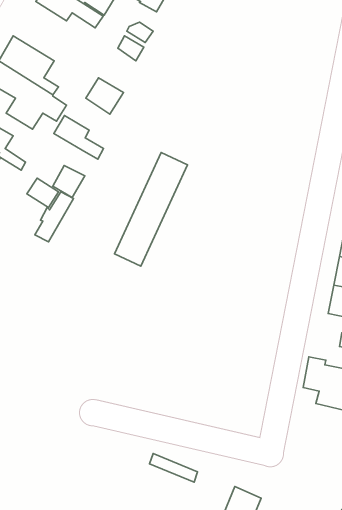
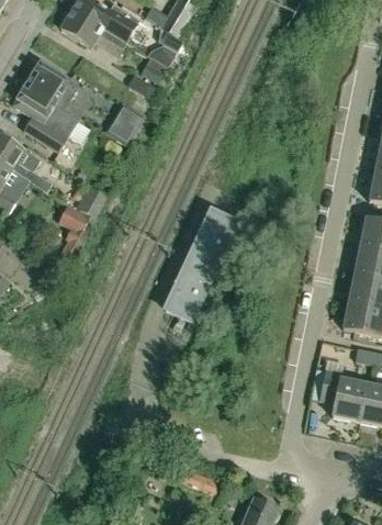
building: [54,116,104,159] -> none
building: [115,152,187,266] -> [166,210,236,320]

